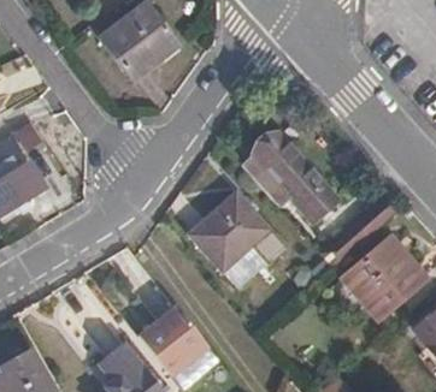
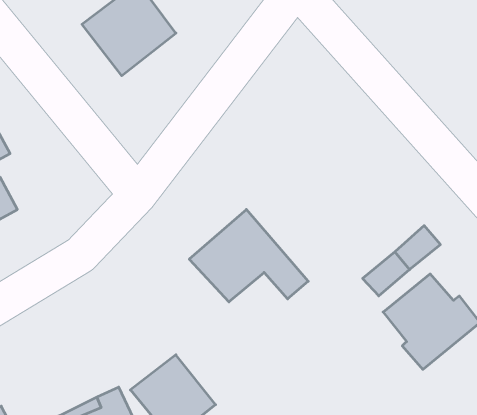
building: [247,136,337,220] -> none

